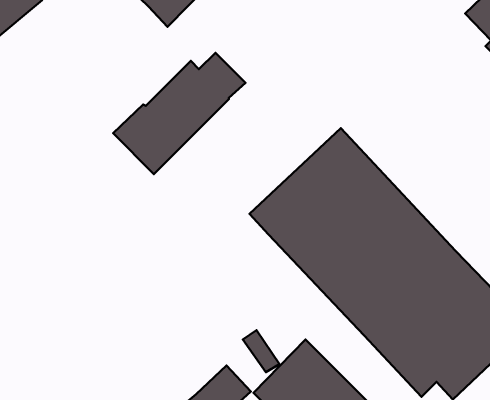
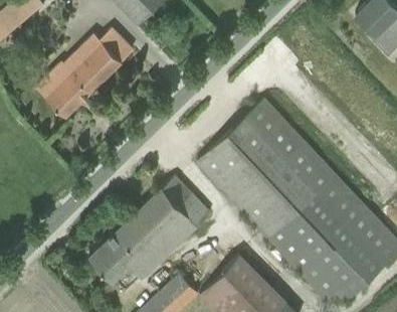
building: [113,53,245,174] -> [36,28,134,118]
building: none -> [89,177,210,283]

